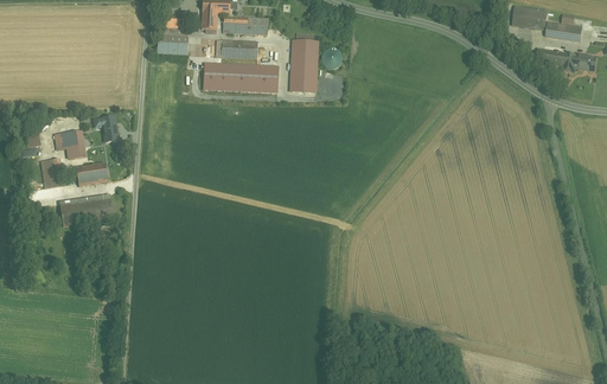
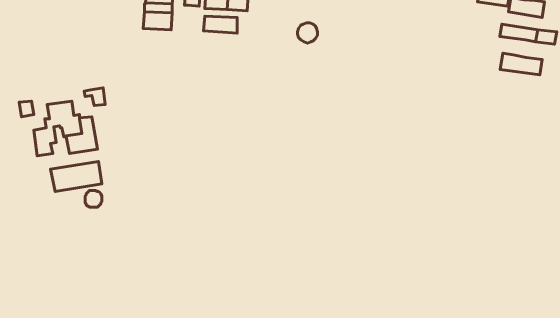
building: [288,39,318,92] -> none
building: [202,62,277,94] -> none
building: none -> [500,53,542,75]

